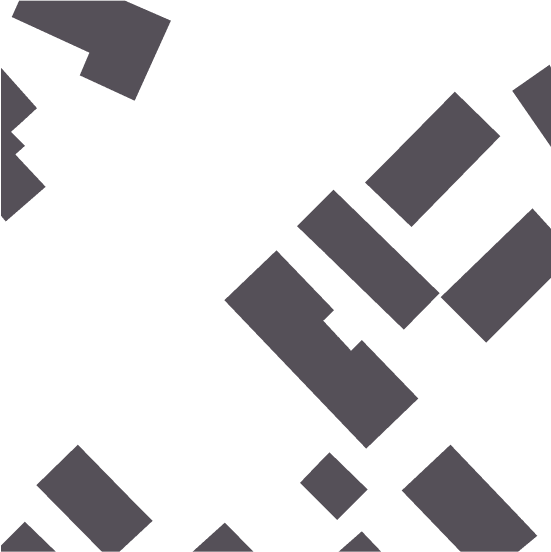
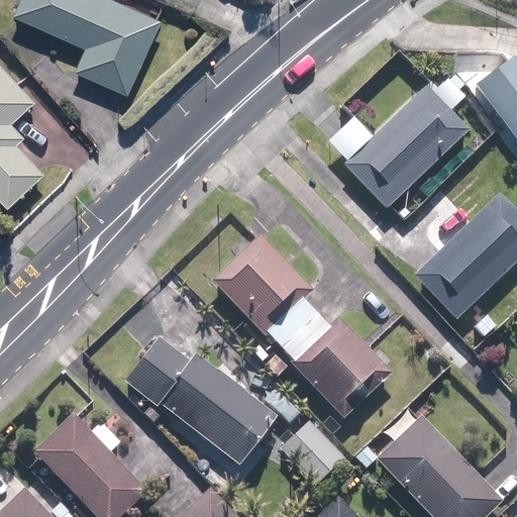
building: [296,189,440,331] -> none
building: none -> [123,337,278,467]

